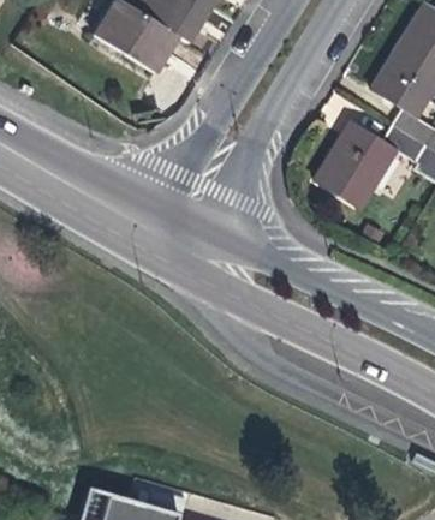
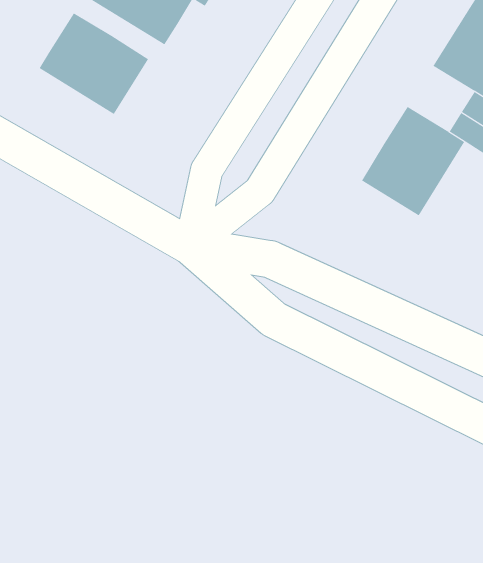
building: none -> [39,12,149,115]

